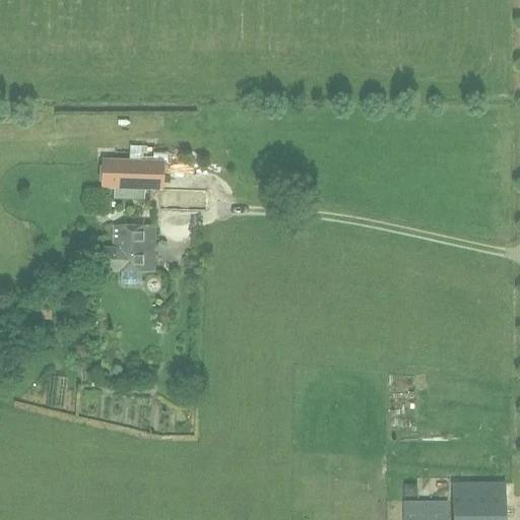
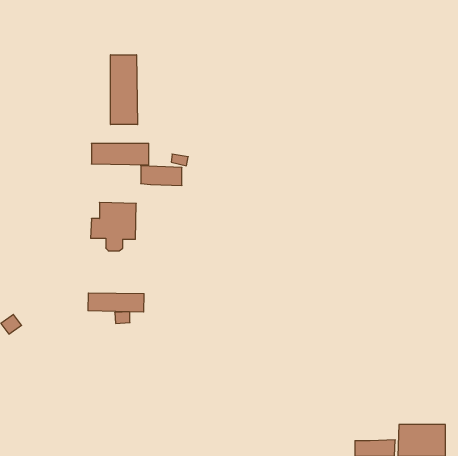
building: none -> [111,55,138,125]
building: none -> [88,293,144,312]

